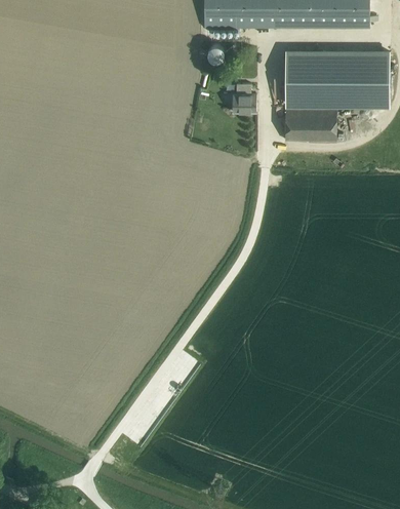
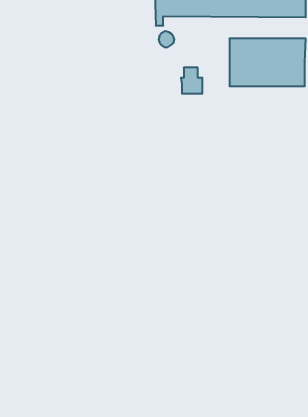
building: [285,109,337,140] -> none

